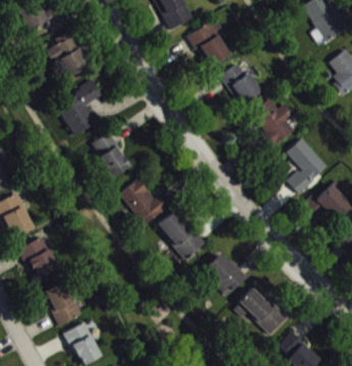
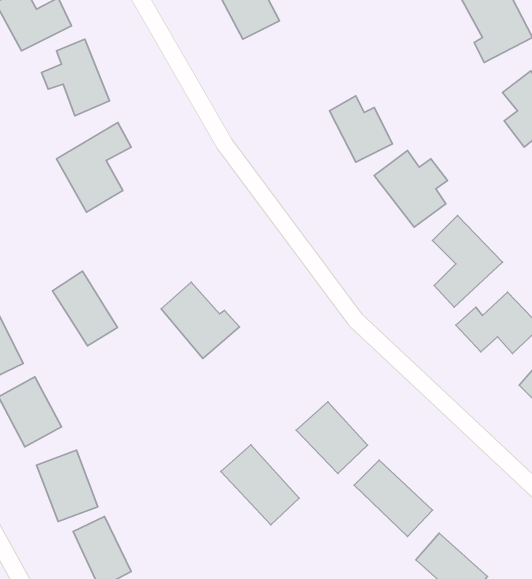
building: [189,18,230,67] -> none
building: [91,132,131,177] -> [53,271,117,346]
building: [156,210,204,259] -> [221,445,299,525]

